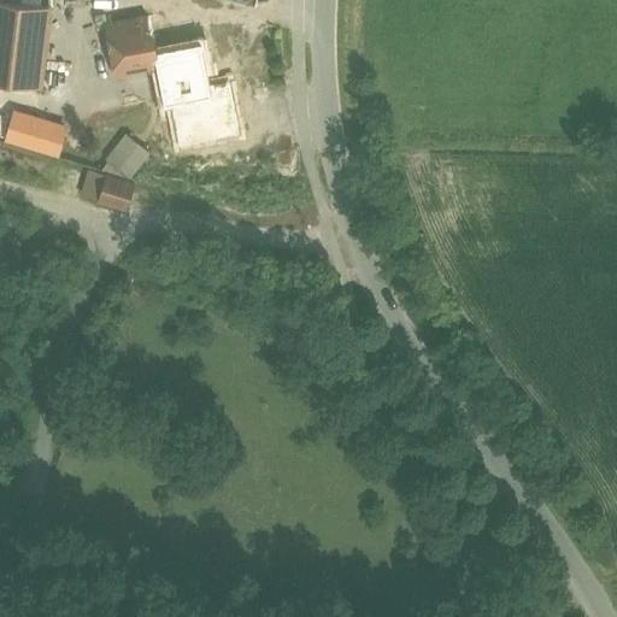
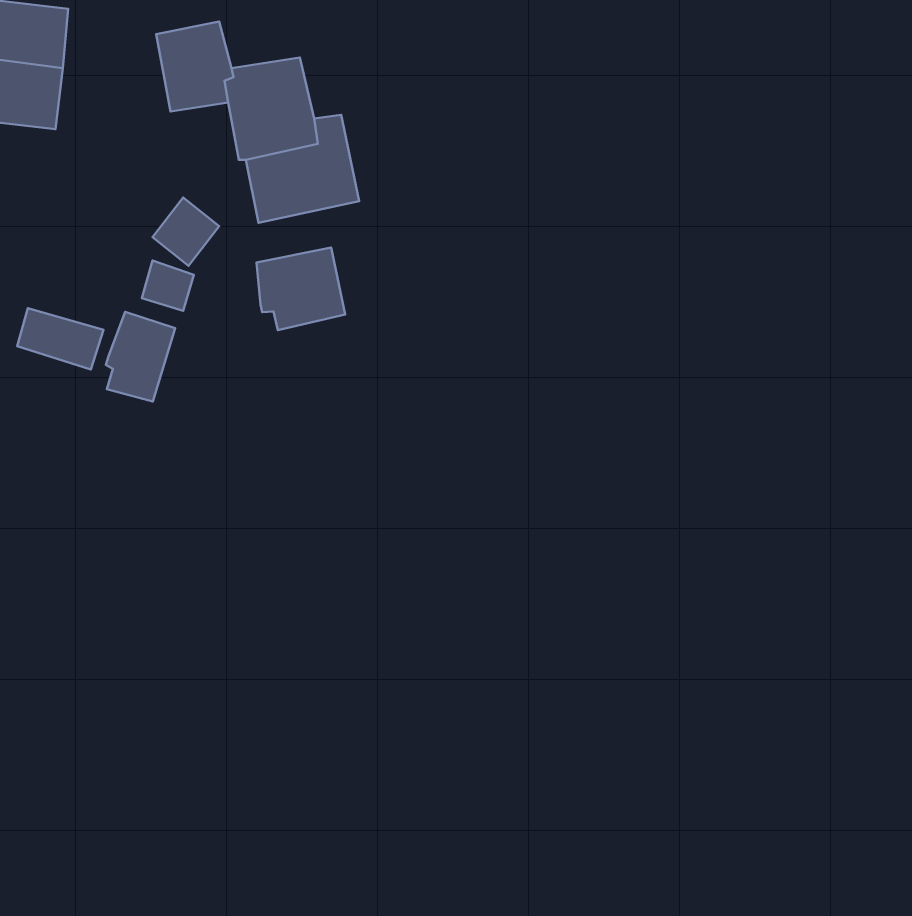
building: [5,113,63,154] -> [17,308,103,369]
building: none -> [257,248,345,330]
building: none -> [106,312,175,402]

